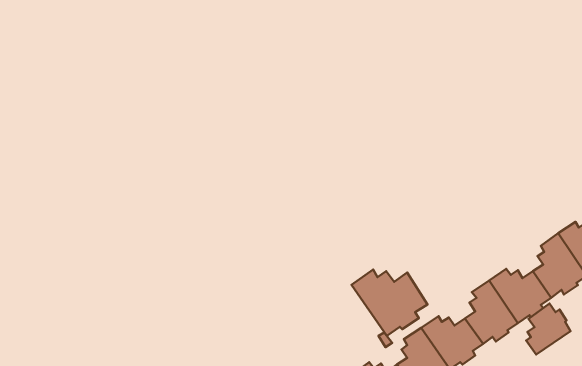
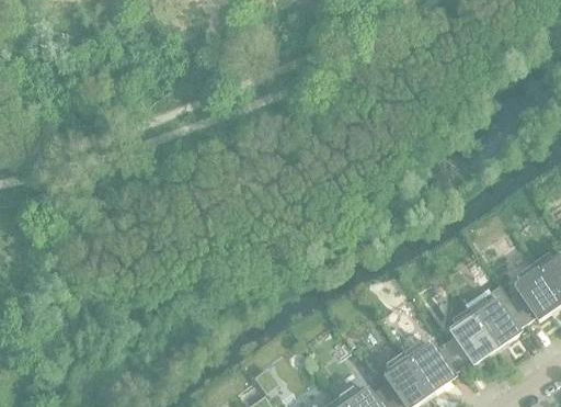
building: [351,270,428,336] -> none
building: [526,304,571,354] -> none

